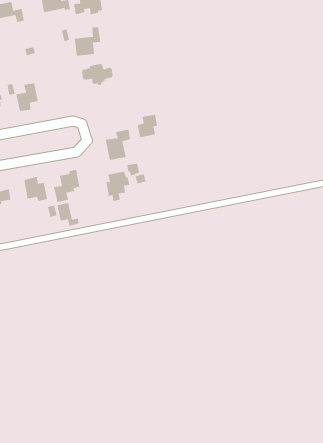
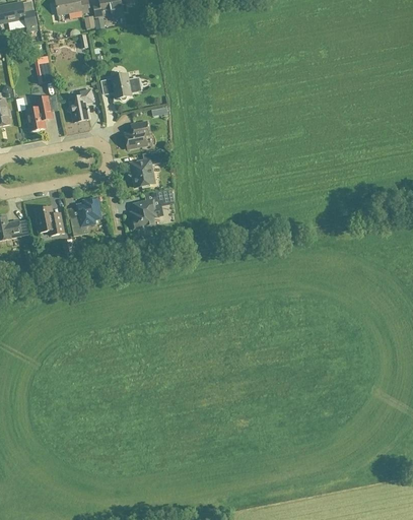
building: [74,27,101,57] -> none
building: none -> [66,89,92,122]
building: [137,114,158,138] -> [124,121,148,148]
building: [57,202,79,226] -> none

